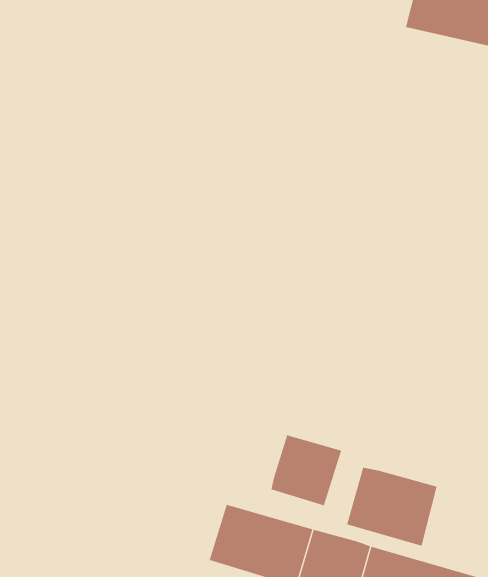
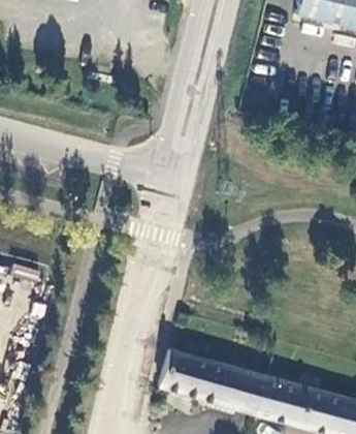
building: [271,434,342,506] -> none
building: [347,467,437,547] -> none

